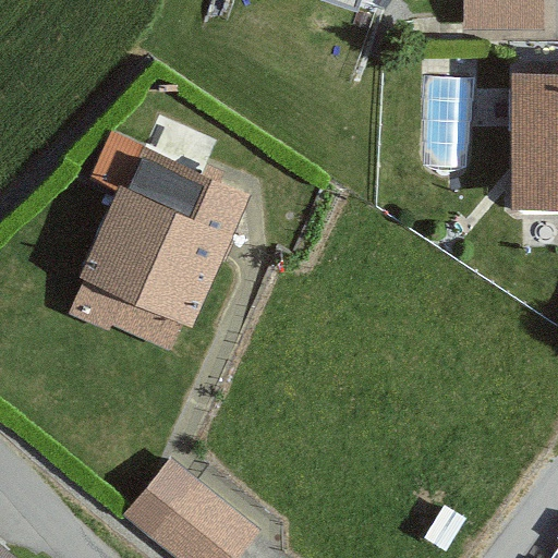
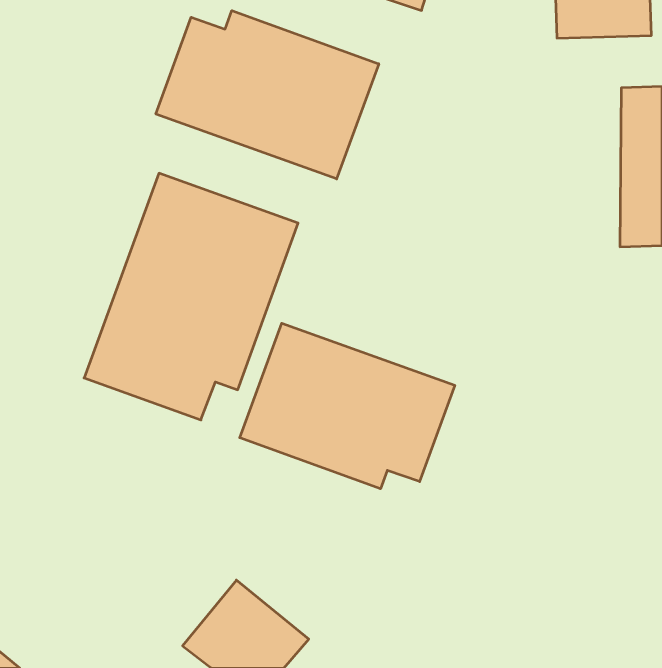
building: none -> [156,11,379,179]
building: none -> [240,323,455,489]

